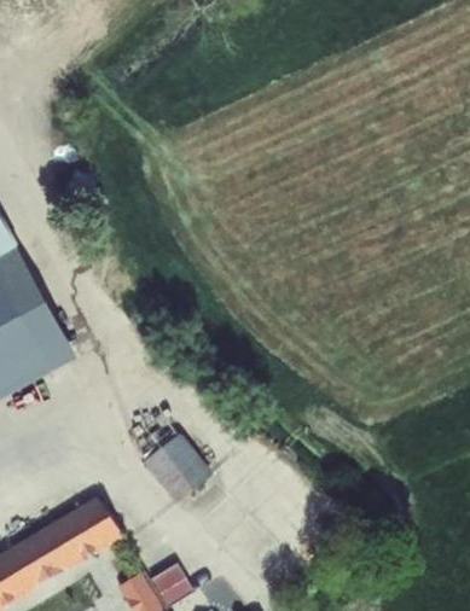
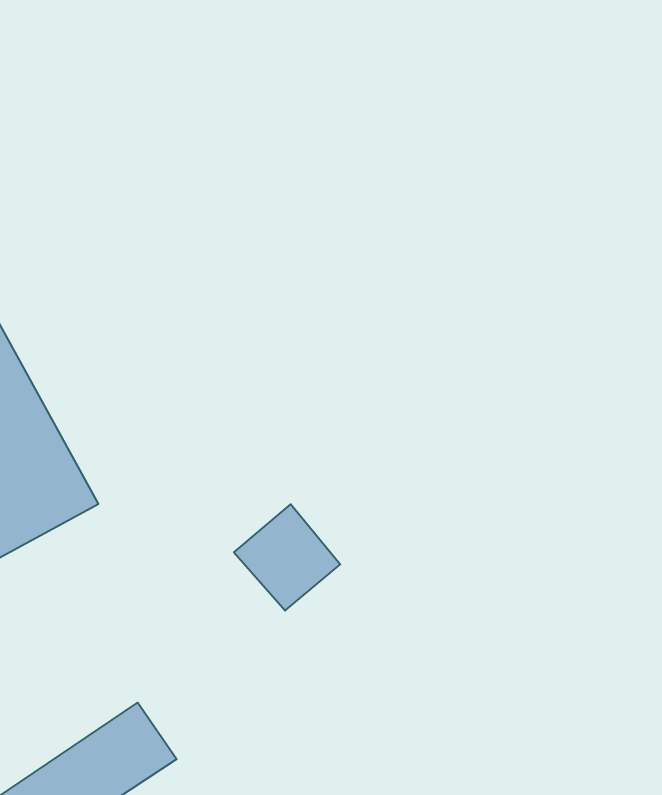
building: [145,433,217,506] -> [234,504,340,611]

